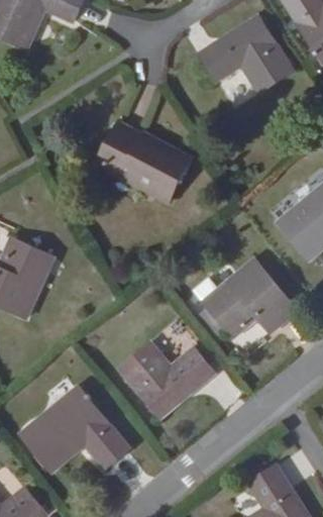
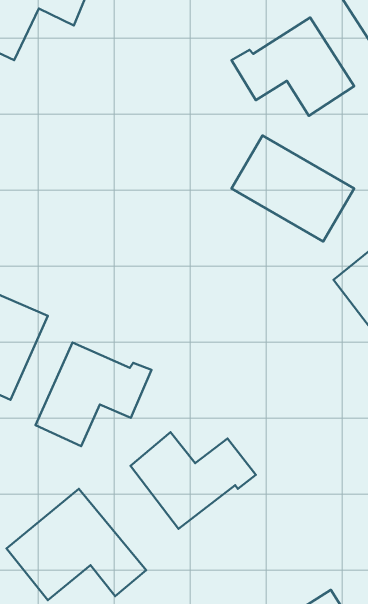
building: [92,117,188,200] -> [231,136,354,241]
building: [201,258,298,339] -> none
building: none -> [36,343,151,446]

